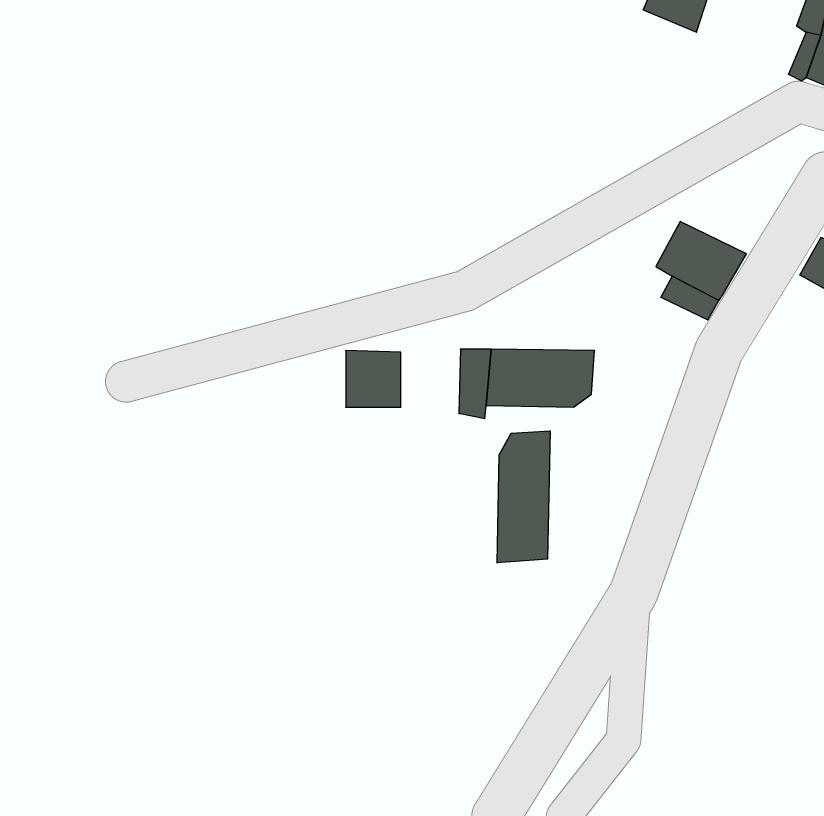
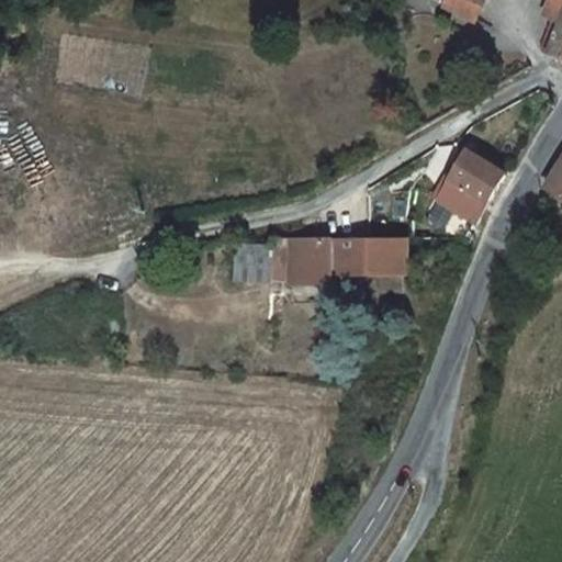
building: none -> [280,237,314,283]
building: [497,431,550,563] -> none

